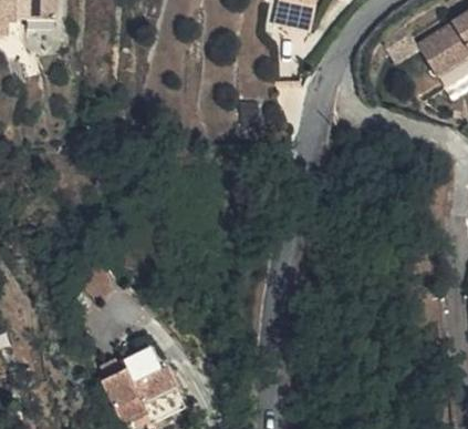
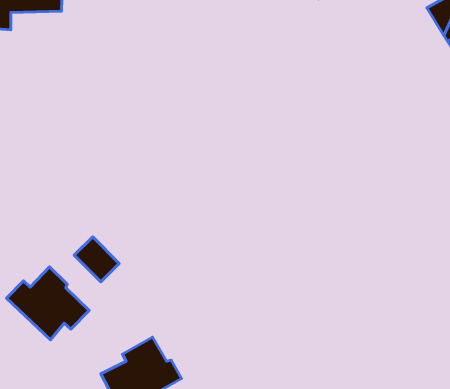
building: none -> [6,267,89,340]

